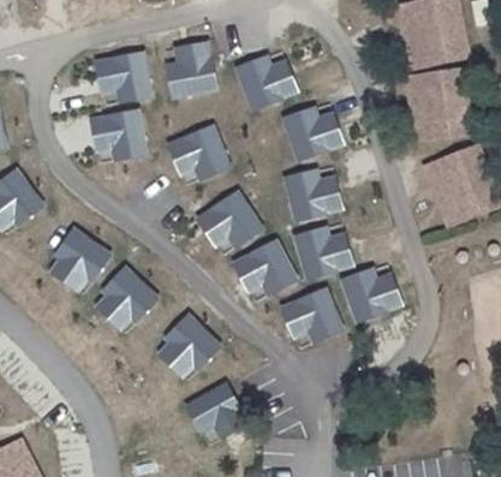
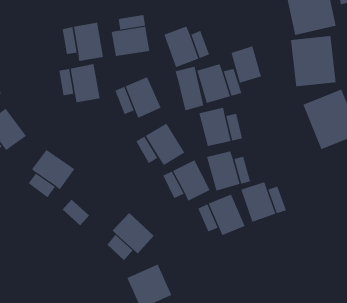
building: none -> [231,46,262,83]
building: none -> [175,66,204,111]
building: [102,263,161,321] -> none

